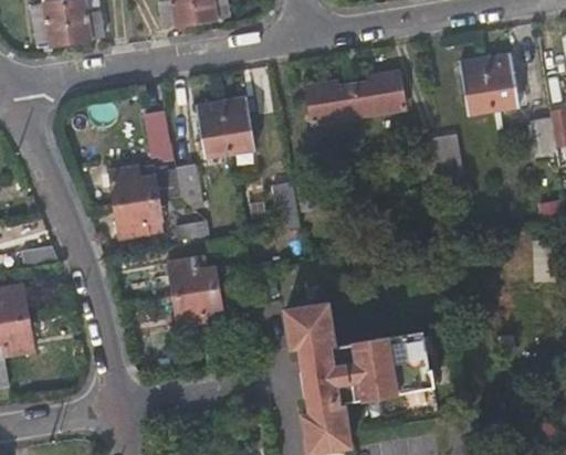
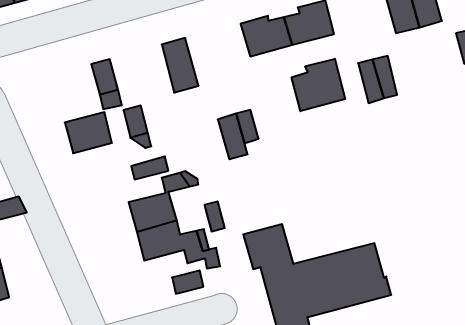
building: [196,100,228,157] -> none
building: none -> [292,59,345,111]
building: [115,199,161,237] -> none

